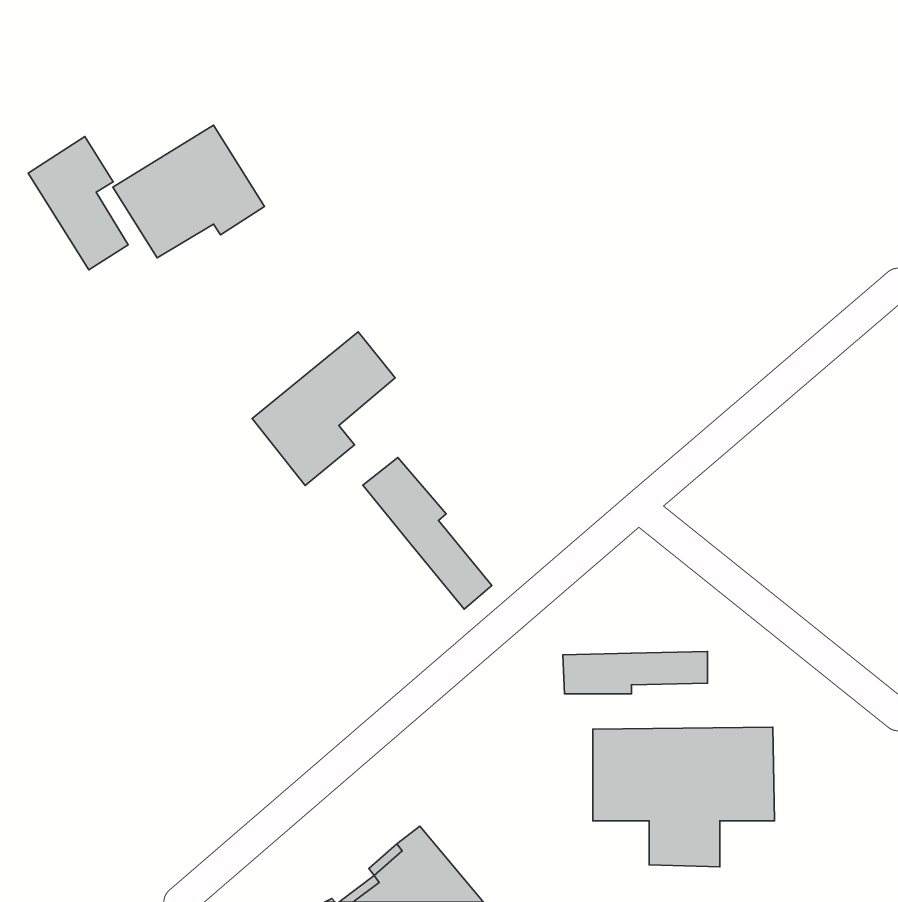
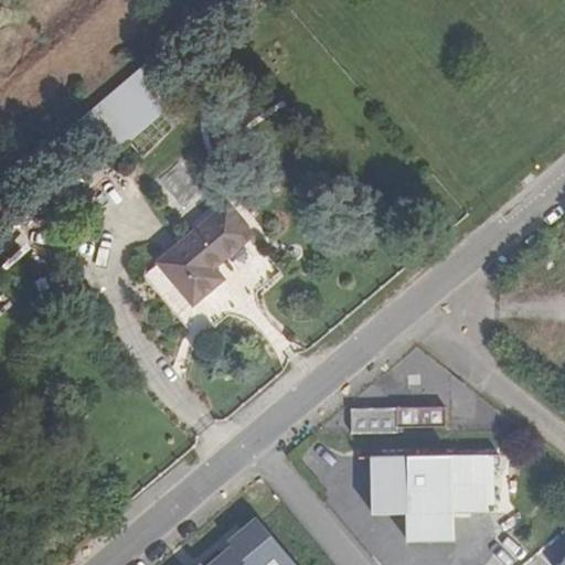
building: [28,136,128,270] -> none
building: [363,458,492,609] -> none

